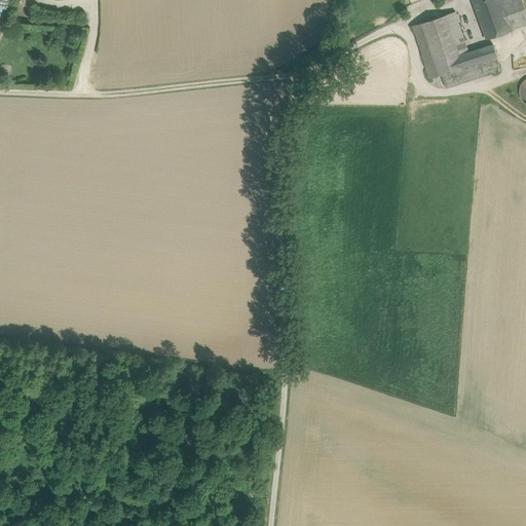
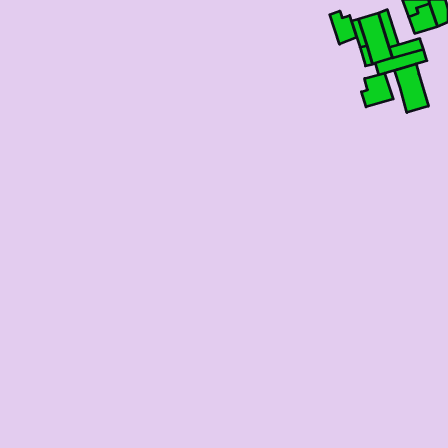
building: none -> [330,11,357,44]
building: none -> [395,64,428,113]
building: none -> [361,73,393,107]

